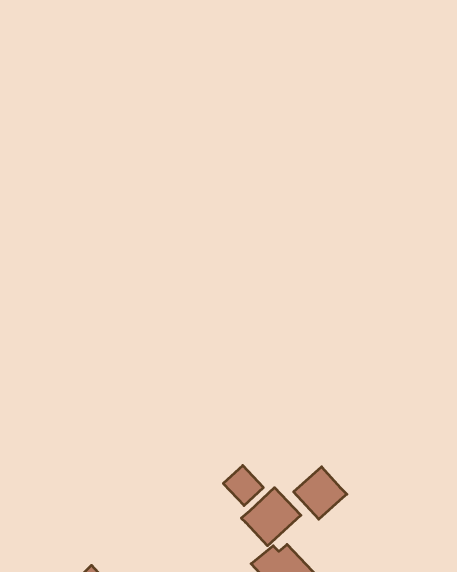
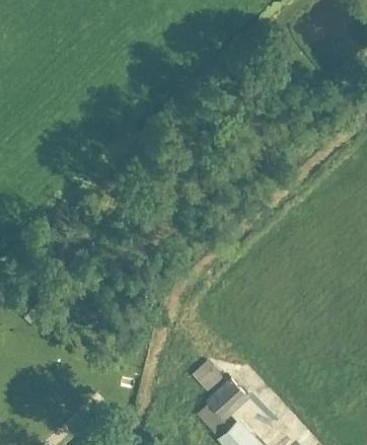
building: [294,467,347,519] -> none

